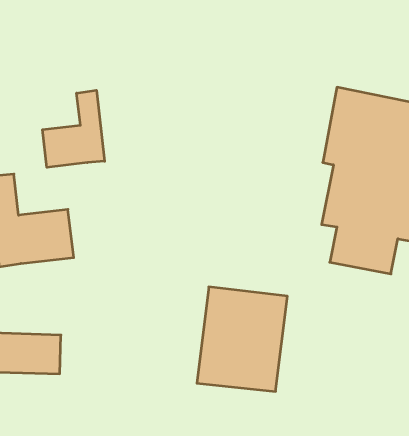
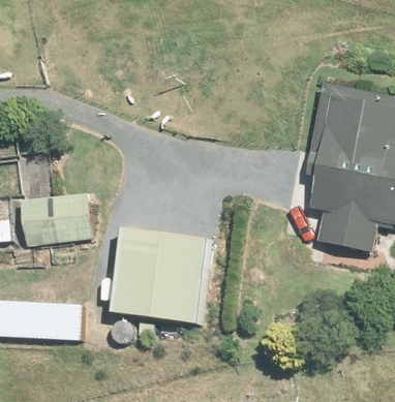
building: [43,90,105,167] -> none
building: [197,287,287,391] -> [114,227,193,319]

